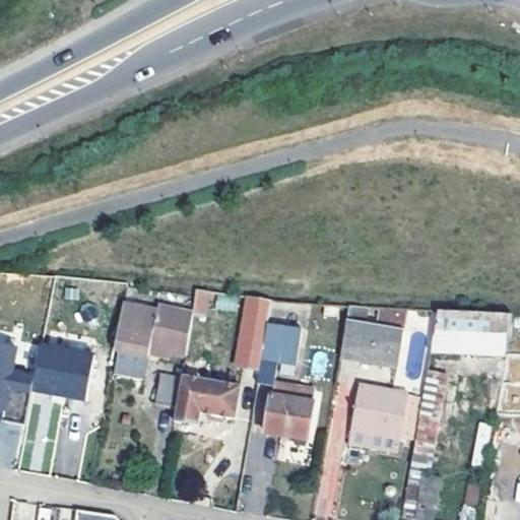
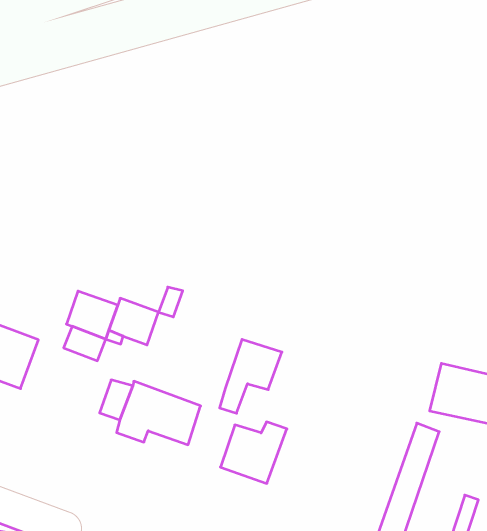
building: [237,291,269,365] -> none
building: [340,317,402,361] -> none
building: [347,384,416,453] -> none

